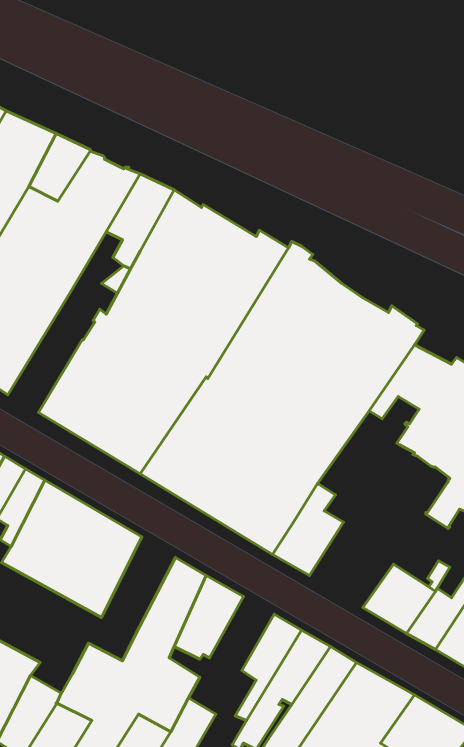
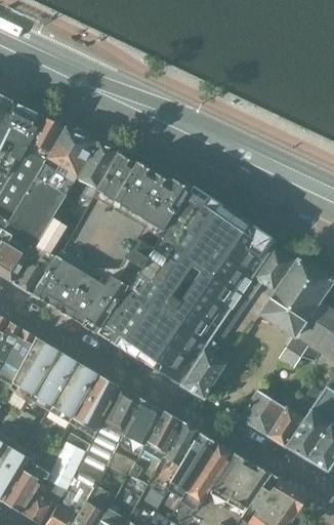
building: none -> [13,218,72,295]
building: none -> [65,374,119,453]
building: none -> [128,412,182,487]

